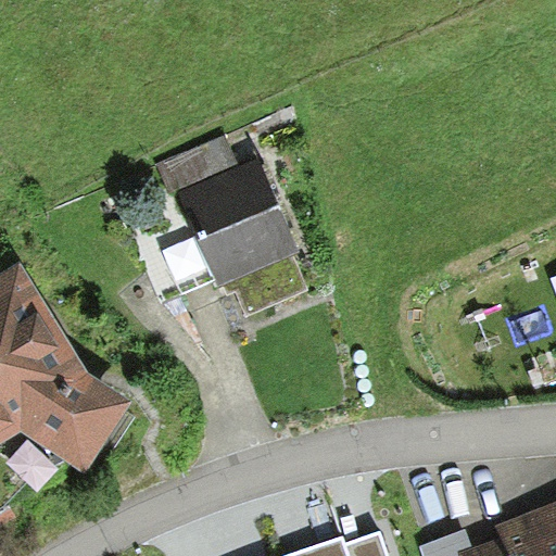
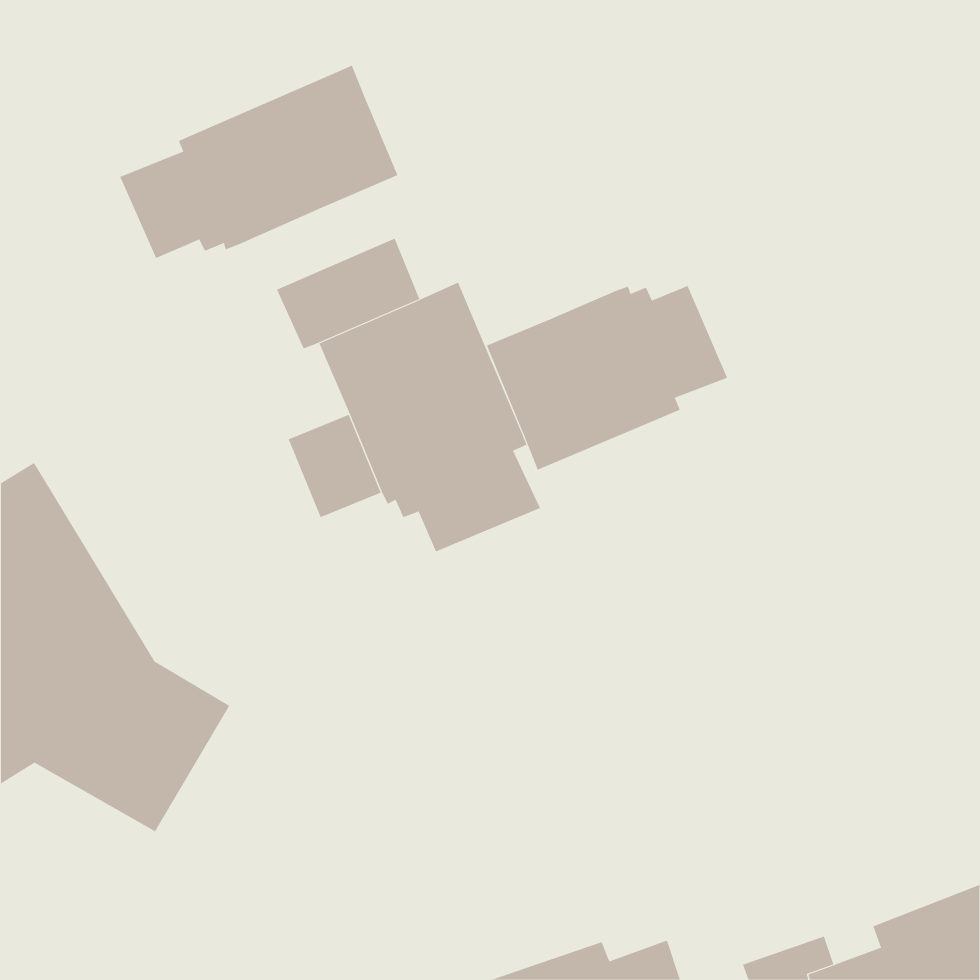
building: none -> [120,65,398,259]
building: none -> [486,285,728,471]

